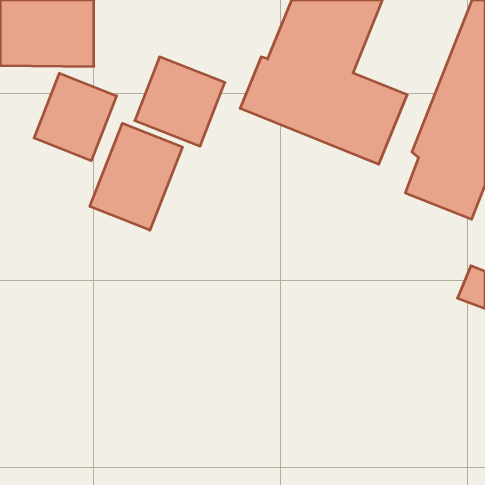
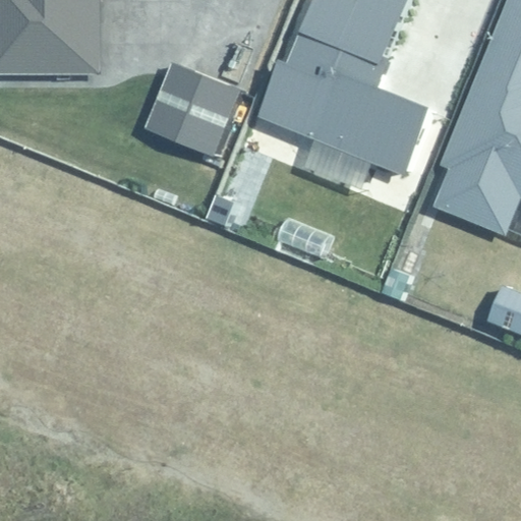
building: [34,73,117,161] -> none
building: [90,123,182,230] -> none

